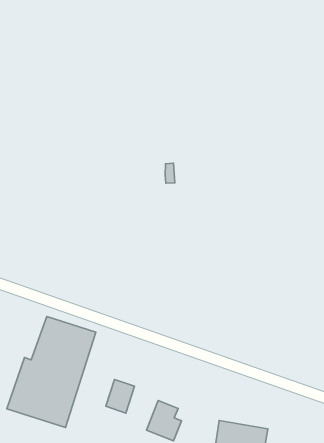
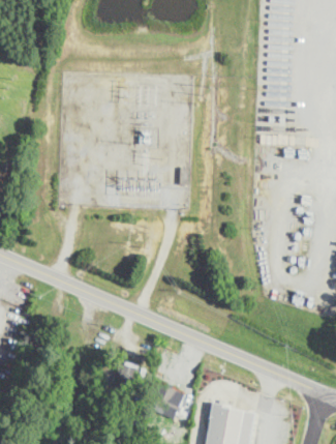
building: [7,316,96,428] -> none

